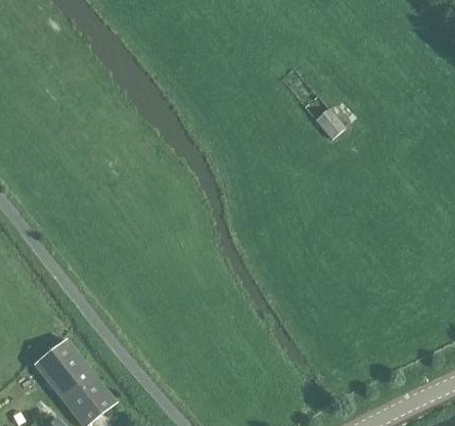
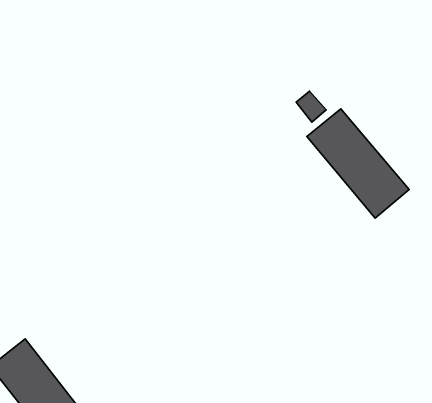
building: none -> [307,109,409,218]

